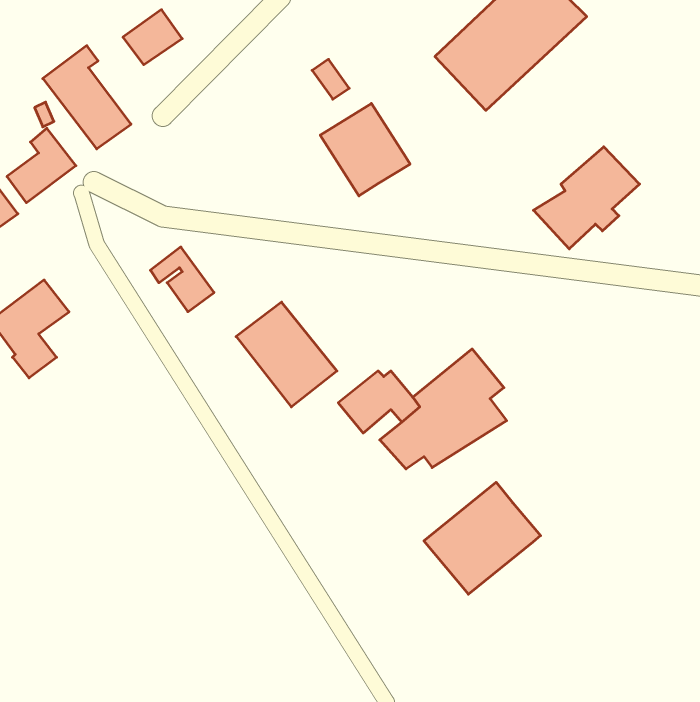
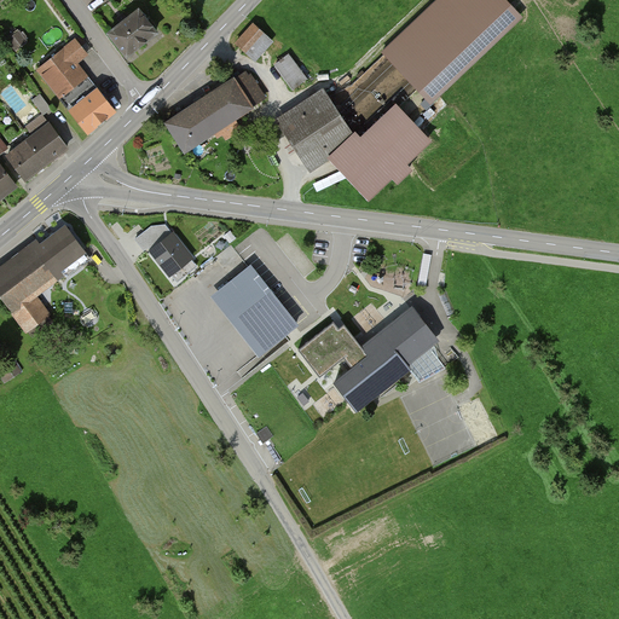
building: none -> [236,23,271,59]
building: none -> [166,70,267,152]
building: [533,147,640,249] -> [331,105,424,195]
building: none -> [39,224,88,273]
building: [424,482,541,594] -> none

